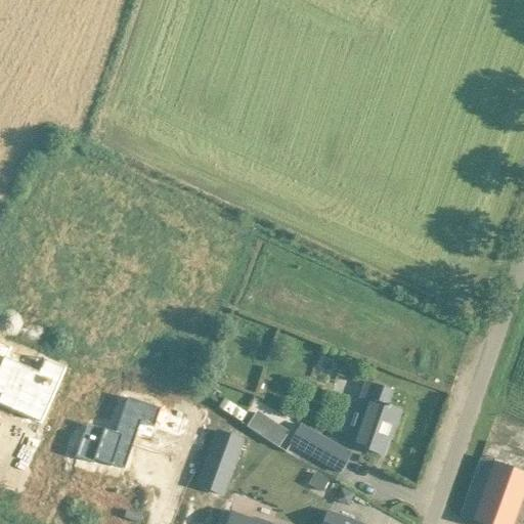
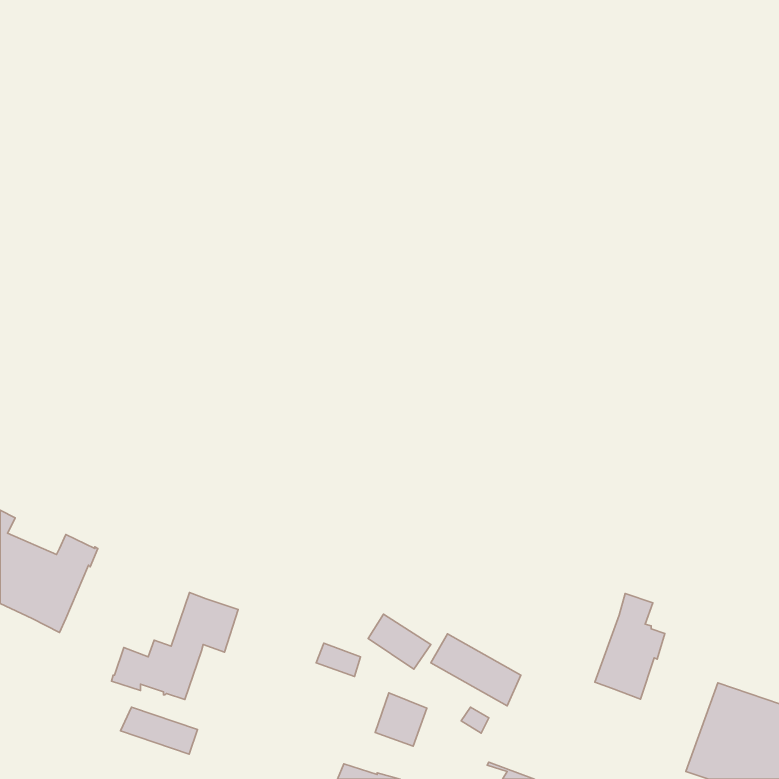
building: [352,384,399,454] -> [595,594,665,699]
building: [198,458,232,494] -> [375,693,427,746]
building: none -> [121,707,197,754]

